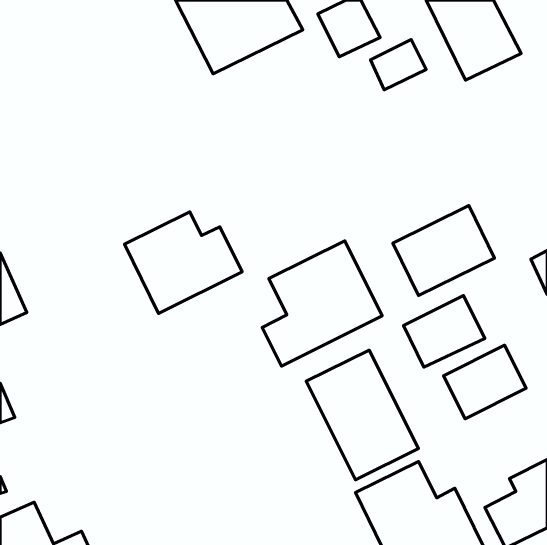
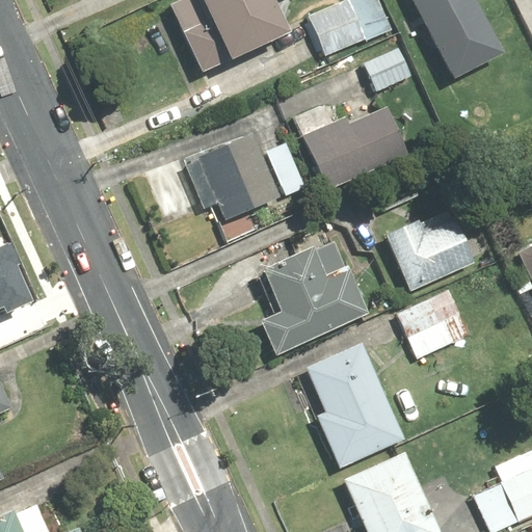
building: none -> [302,98,404,200]
building: [124,212,242,314] -> [194,128,309,227]
building: [444,345,526,419] -> none

